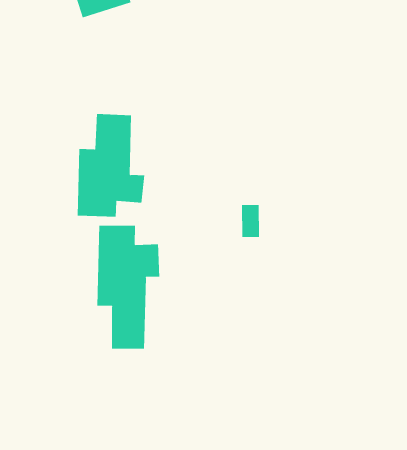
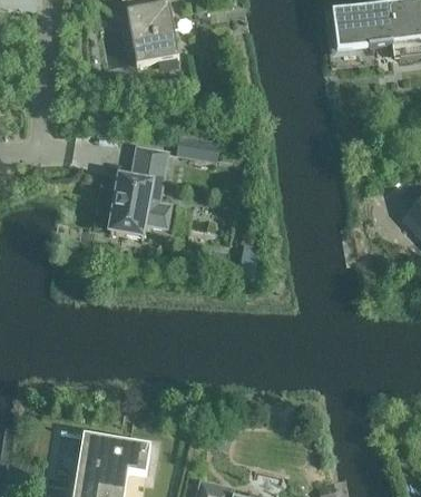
building: none -> [175,133,218,160]
building: [97,225,160,350] -> none

